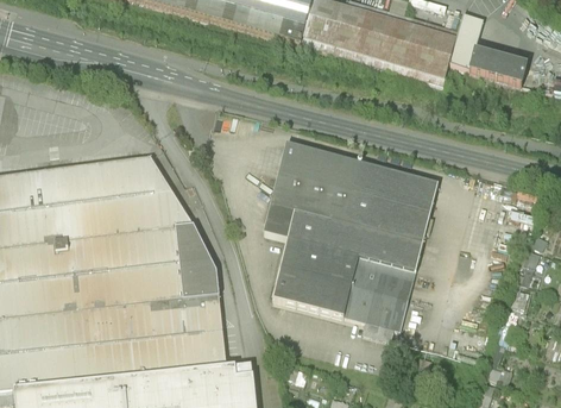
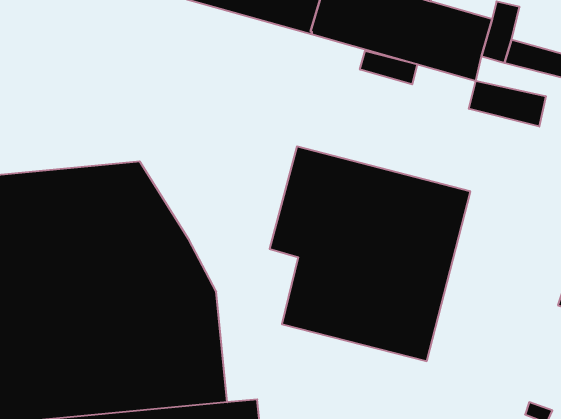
building: none -> [360,51,417,84]
building: none -> [469,81,546,127]

